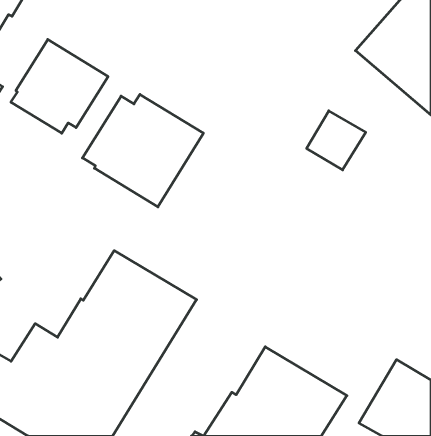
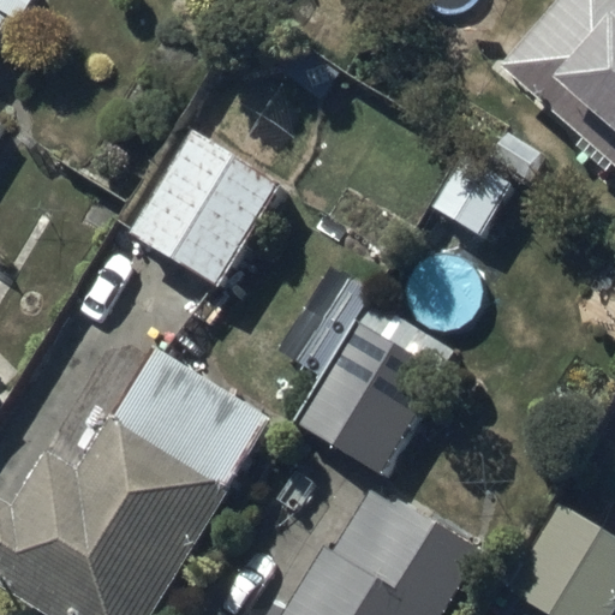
building: [11,39,108,133] -> none
building: none -> [293,301,453,474]

